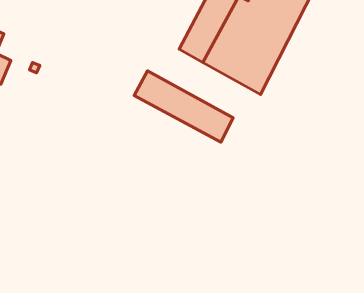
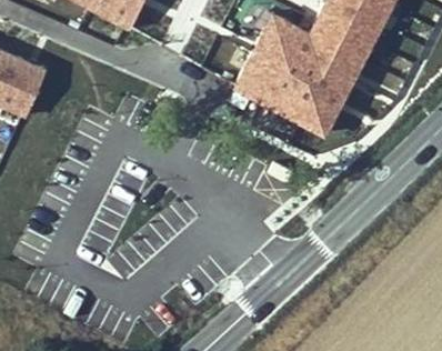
building: [134,71,233,142] -> none

